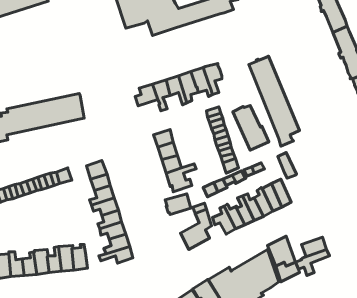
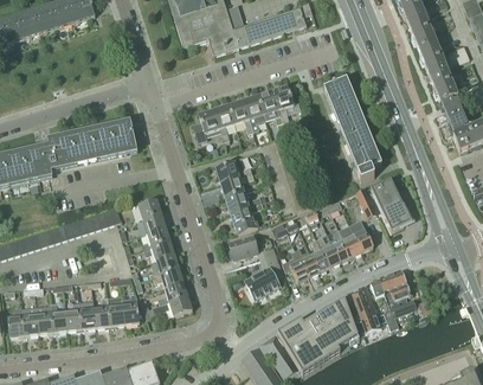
building: [233,106,269,150] -> [372,180,413,231]
building: none -> [371,269,408,297]

